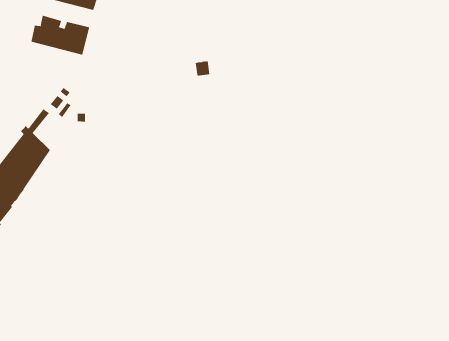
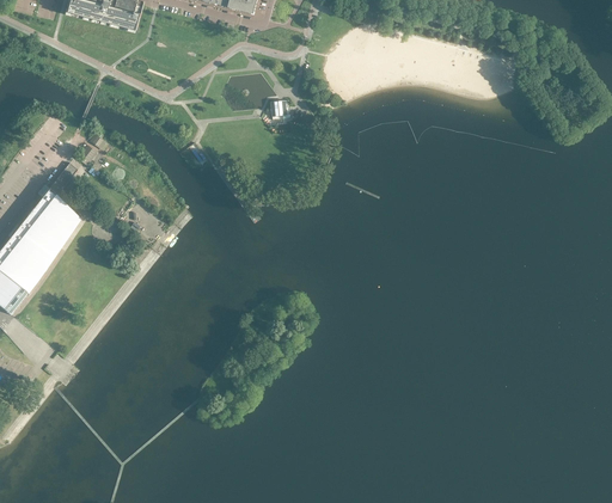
building: [31,15,90,56] -> none

